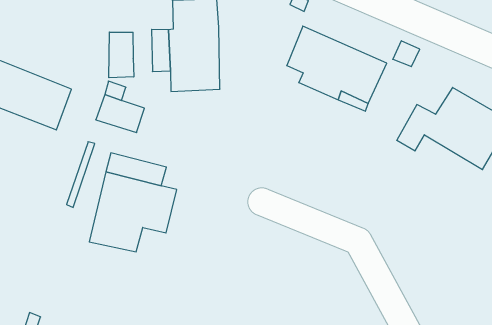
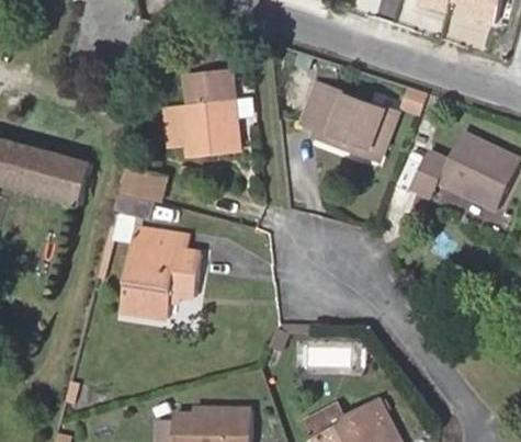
building: [109,32,134,78] -> none

